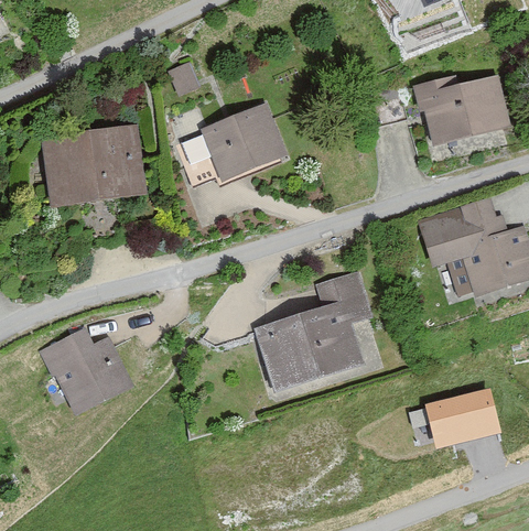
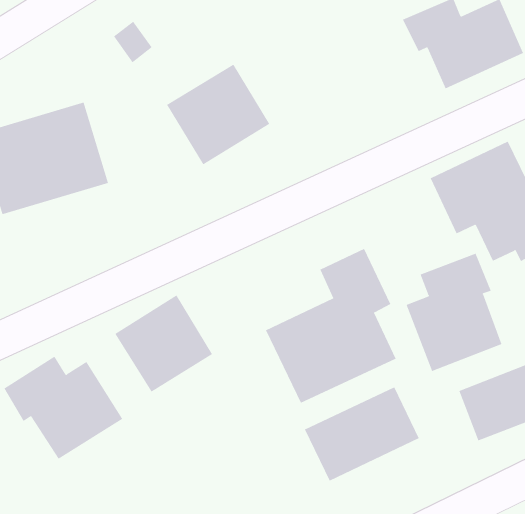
building: none -> [406,253,502,372]
building: none -> [114,294,213,393]
building: none -> [304,386,420,481]

